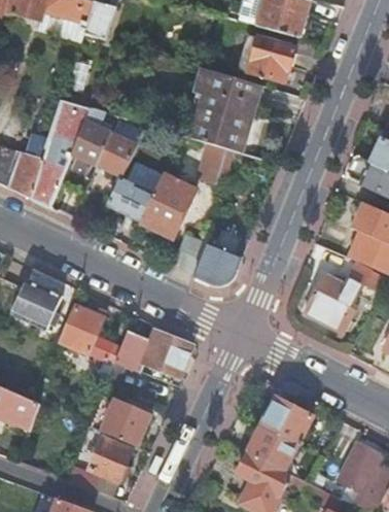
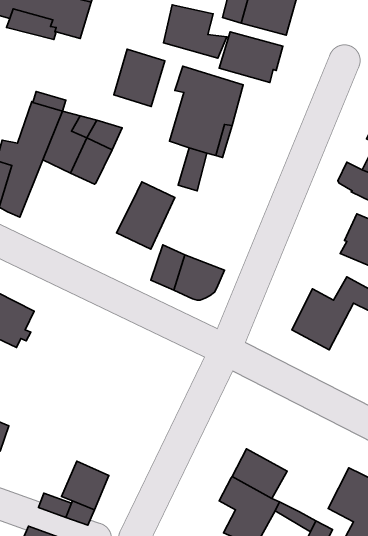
building: none -> [163,5,227,58]
building: none -> [114,49,165,106]
building: [106,176,154,223] -> none
building: [61,305,114,361] -> none
building: [115,329,194,378] -> none
building: [101,397,152,445] -> none
building: [261,397,314,445] -> none

